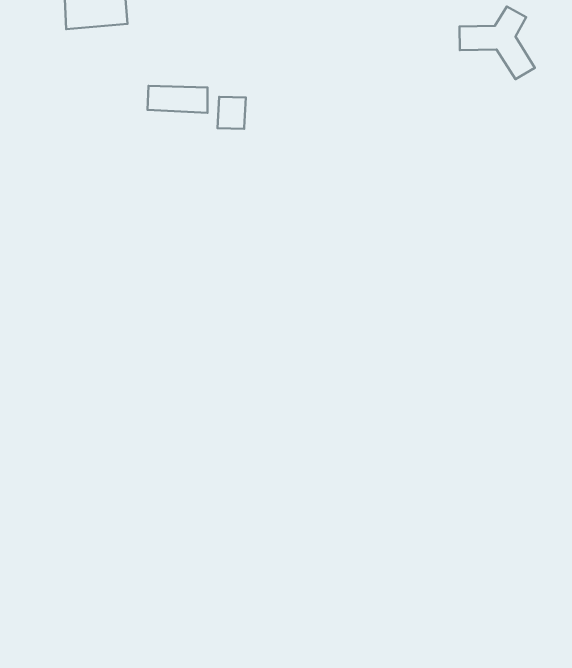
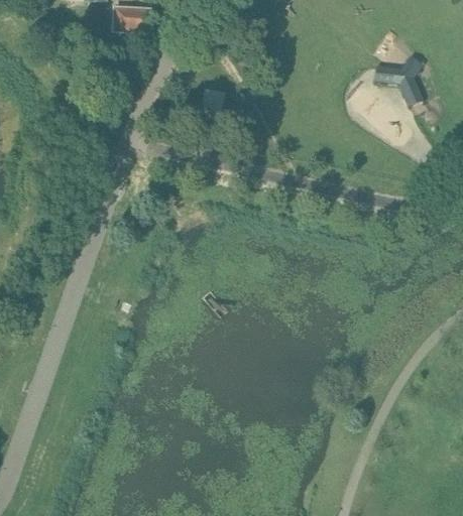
building: [147,86,208,113] -> none

